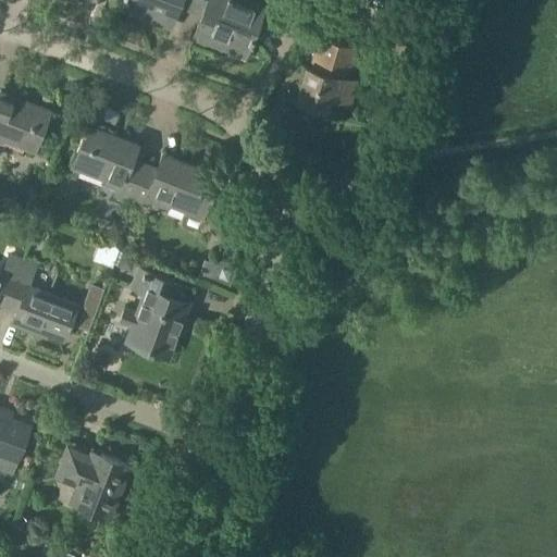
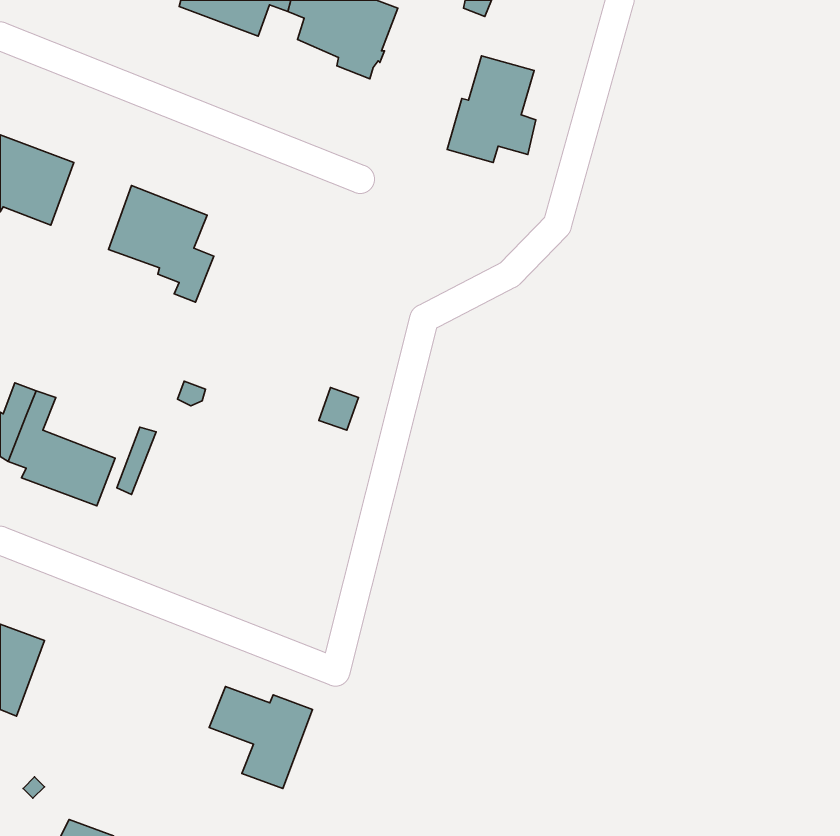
building: [129,154,218,232] -> none
building: [120,271,187,356] -> none
building: [59,449,127,517] -> [209,687,313,788]

